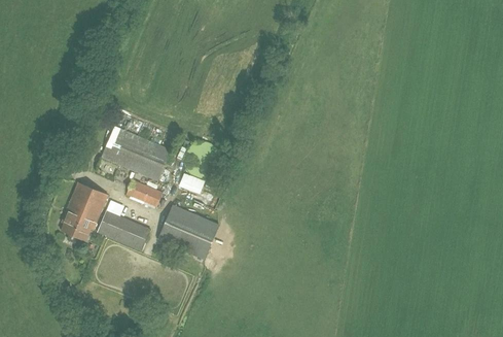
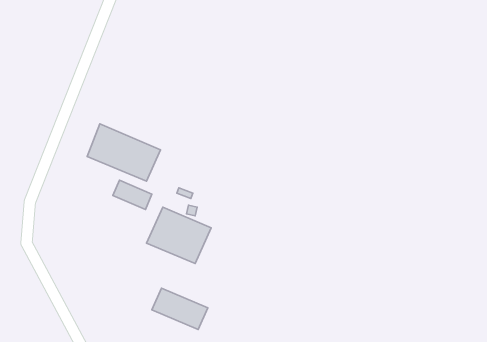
building: [61,182,107,243] -> none
building: [97,211,150,250] -> [152,288,208,329]

